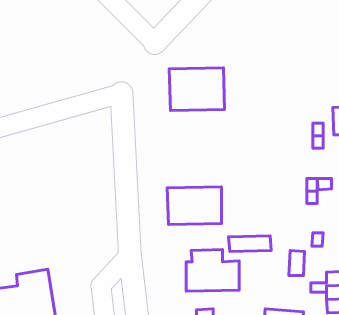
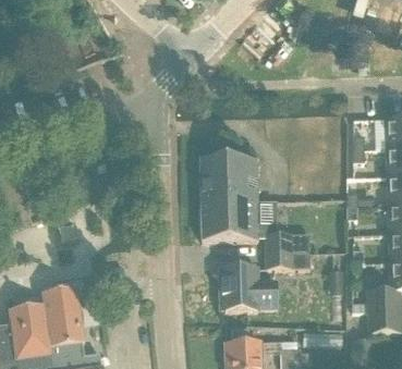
building: [169,68,224,111] -> [199,158,257,202]
building: none -> [265,233,308,254]

